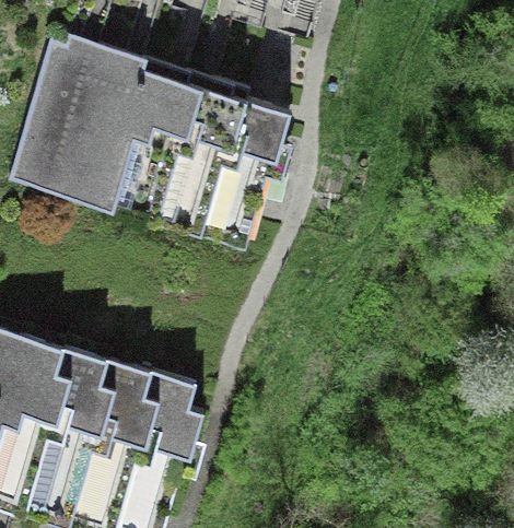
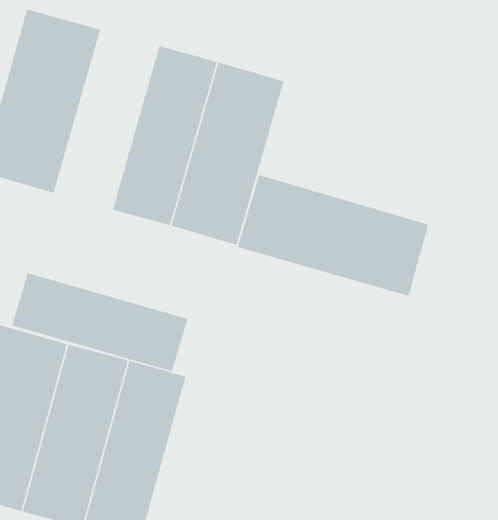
building: [63,46,163,218] -> none
building: none -> [237,174,429,297]
building: none -> [11,272,189,372]

